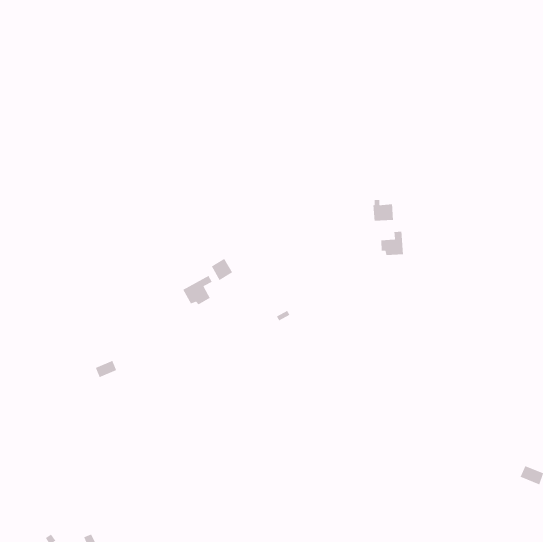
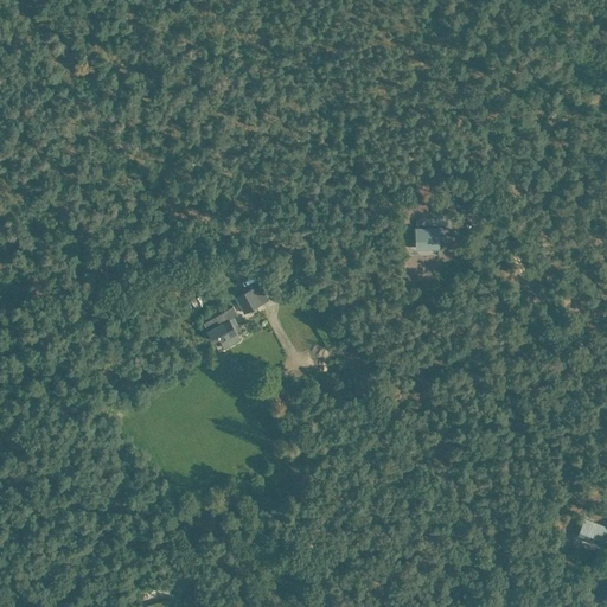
building: [380,231,404,256] -> none

